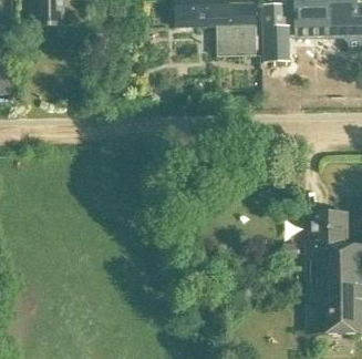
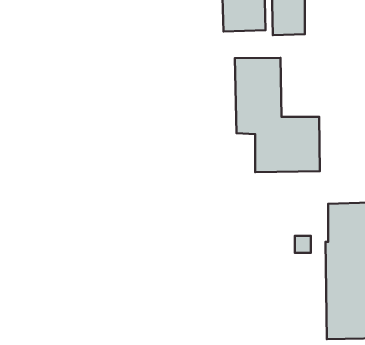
building: none -> [235,58,320,172]

